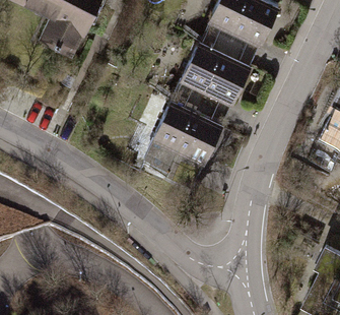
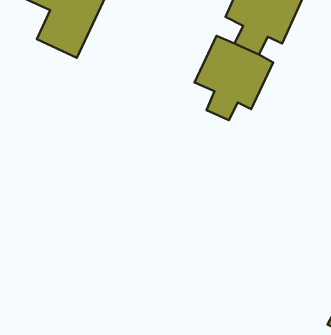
building: [139,96,224,178] -> none

